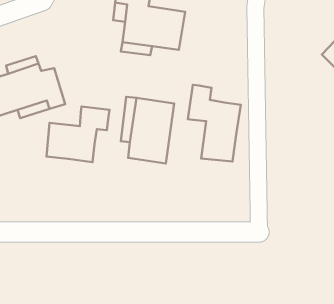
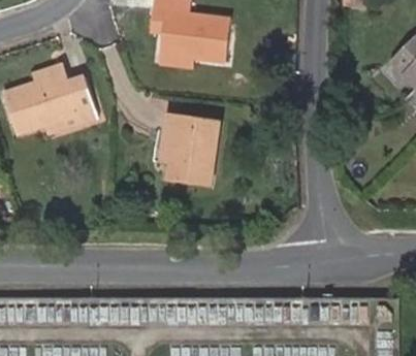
building: [188,85,241,162] -> none
building: [46,107,109,162] -> none

